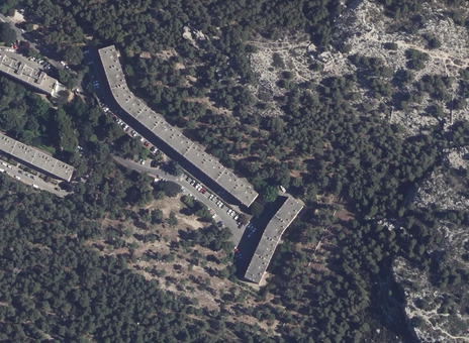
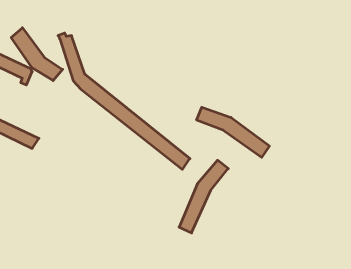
building: none -> [11,28,63,81]
building: none -> [197,107,269,157]

